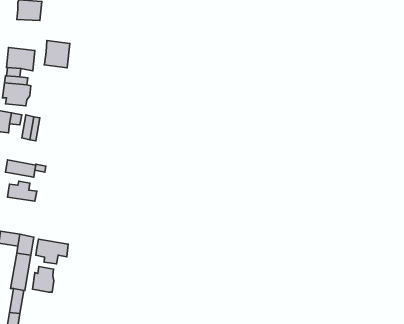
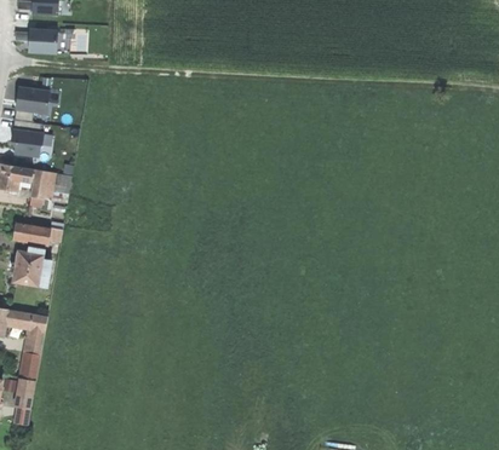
building: [44,41,70,68] -> none
building: [36,239,68,264] -> none
building: [33,267,54,292] -> none

